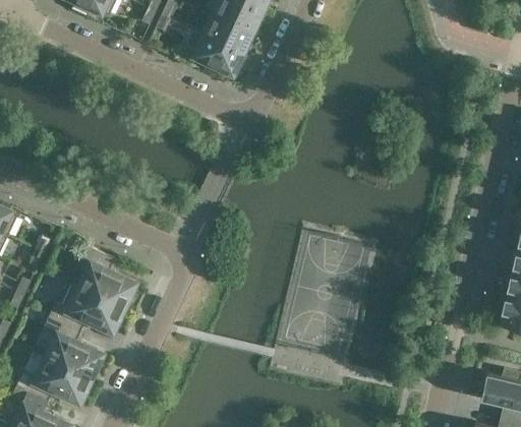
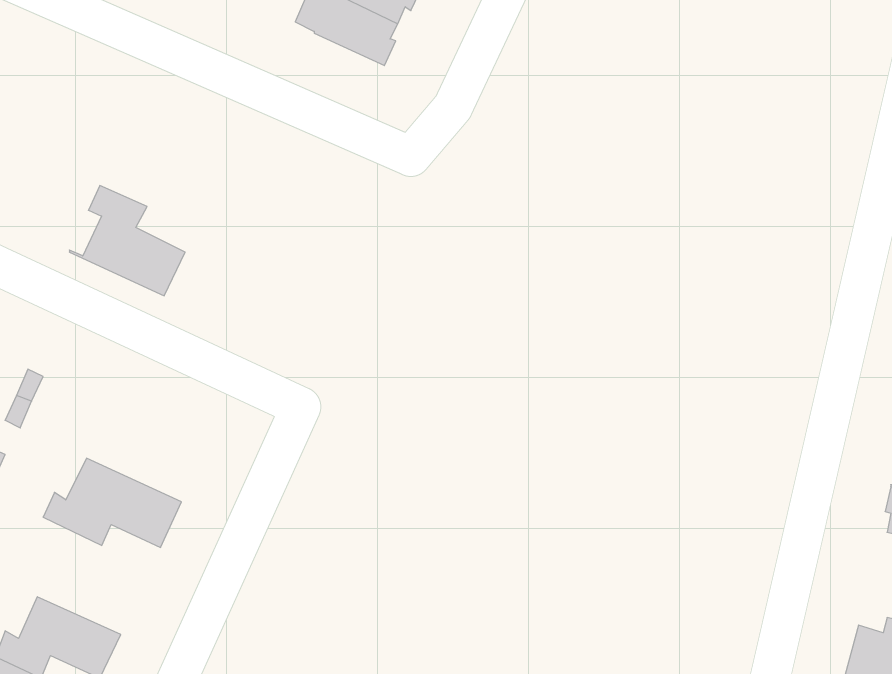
building: [73,248,135,307] -> [69,186,185,296]
building: [47,315,103,378] -> none

